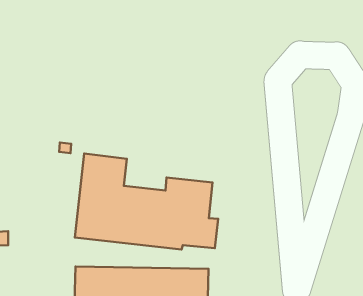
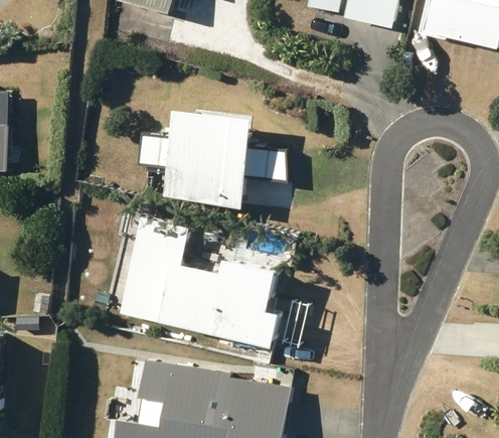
building: none -> [136,109,286,207]

